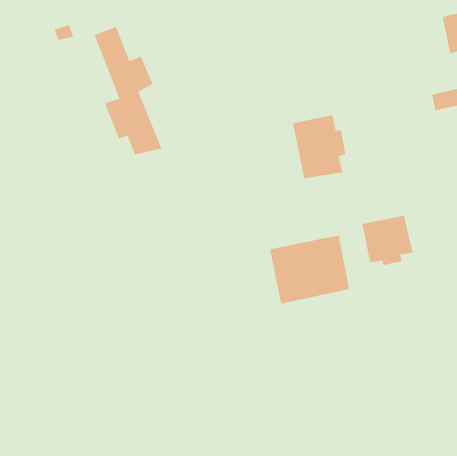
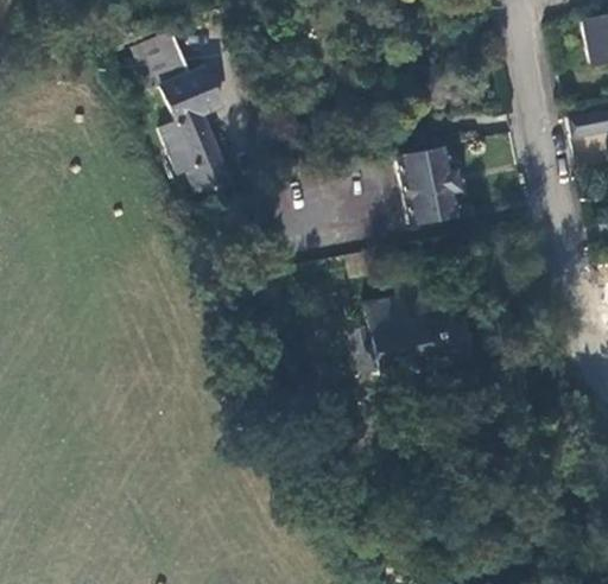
building: [362,215,413,266] -> none

